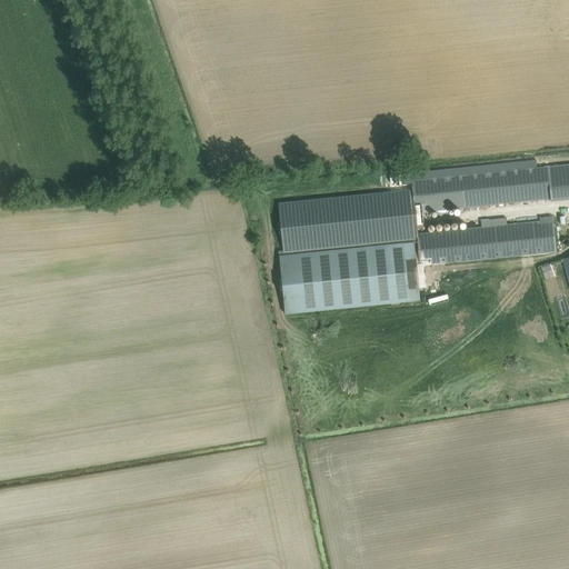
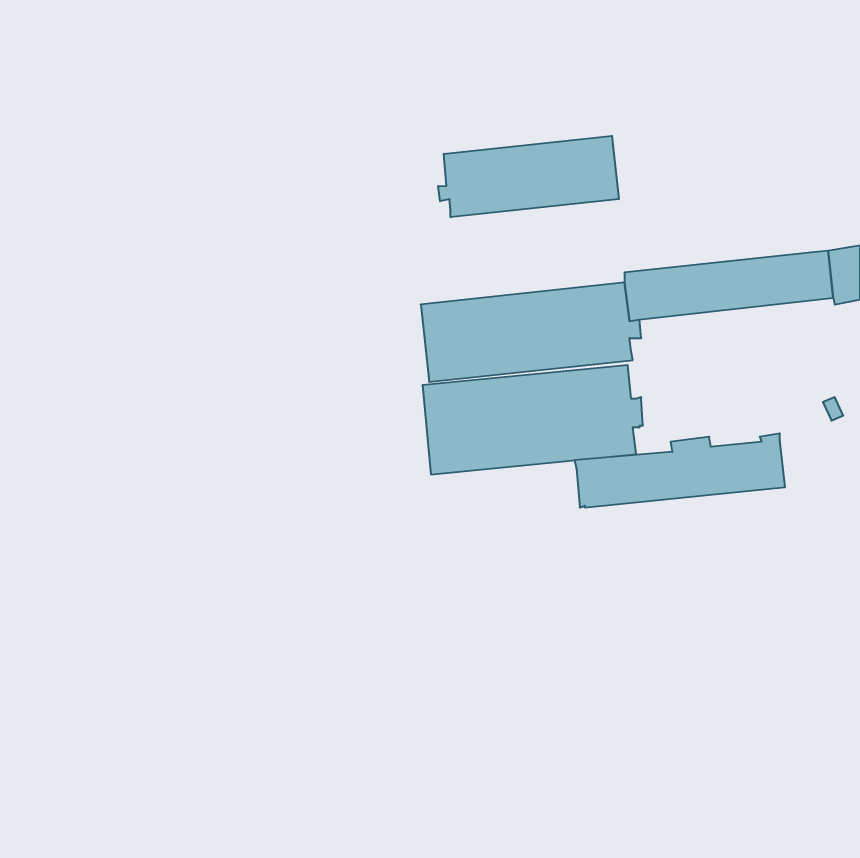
building: none -> [438,136,619,217]
building: [417,214,556,263] -> [575,433,785,507]

